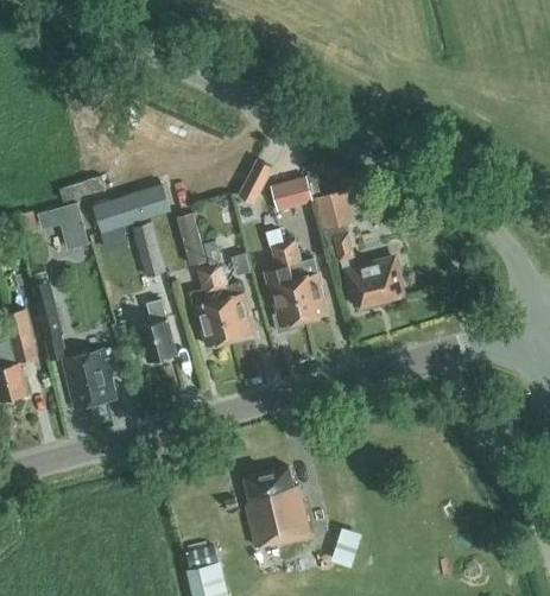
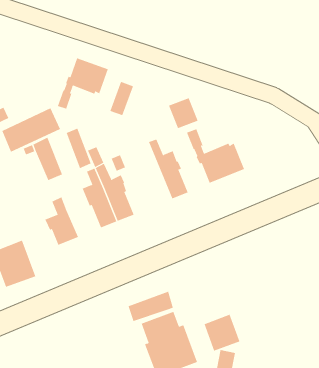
building: none -> [57,57,109,110]
building: [270,176,314,210] -> none
building: [264,228,304,331] -> none
building: none -> [128,291,173,322]
building: none -> [204,314,240,352]

